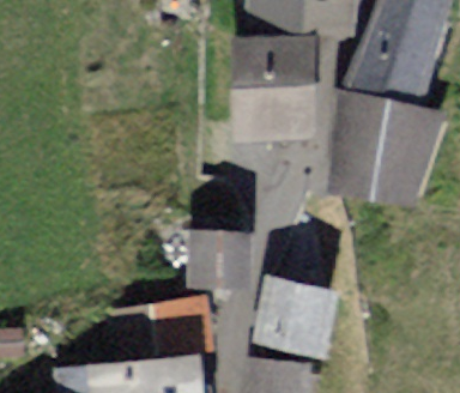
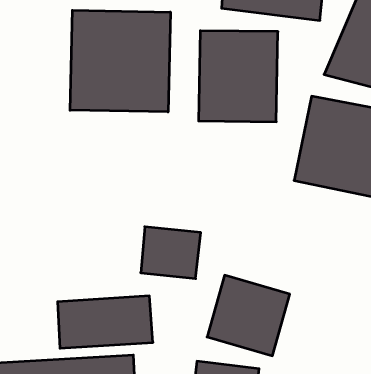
building: none -> [70,10,170,112]

